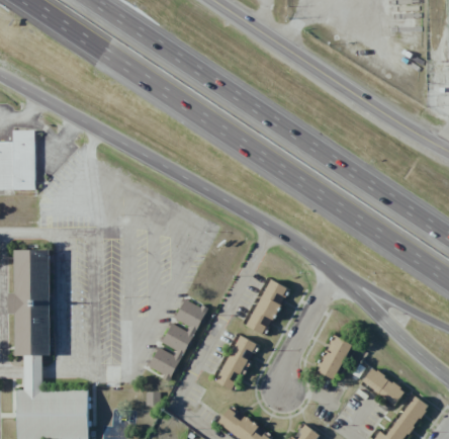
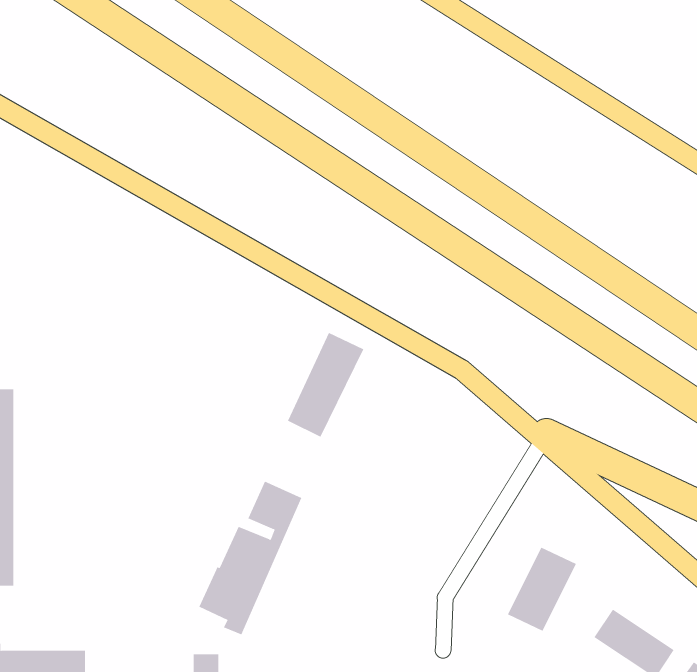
building: [247,279,288,336] -> [287,332,364,438]
building: [216,335,255,390] -> none

